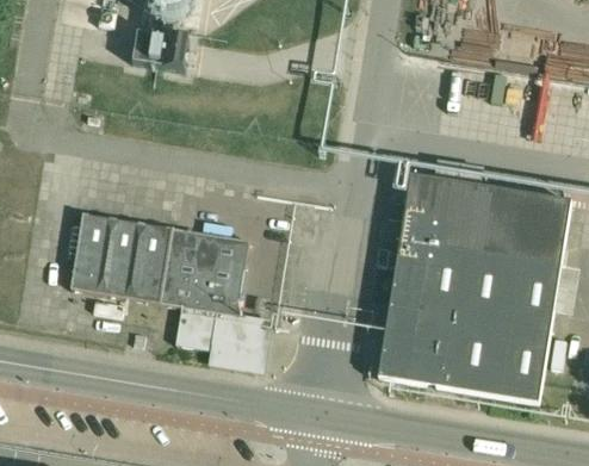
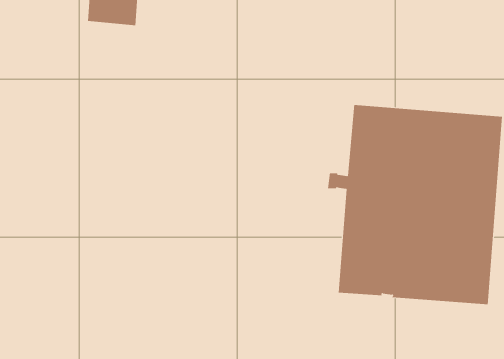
building: [70,212,260,364] -> none

